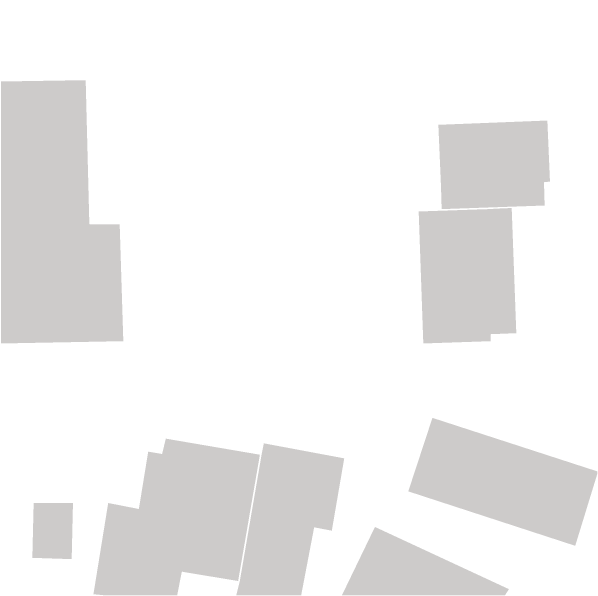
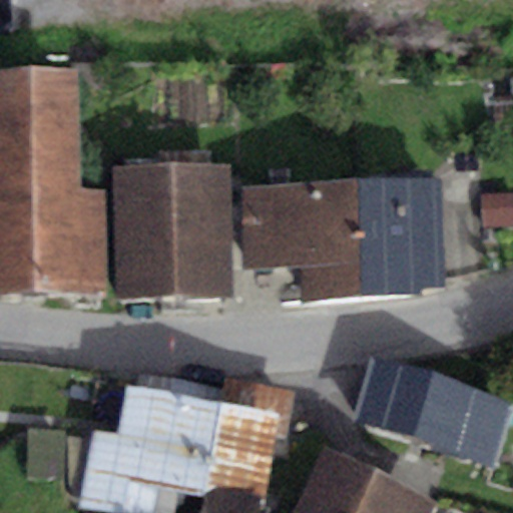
building: [438,120,551,210] -> none
building: none -> [116,162,231,301]
building: none -> [241,180,362,297]

